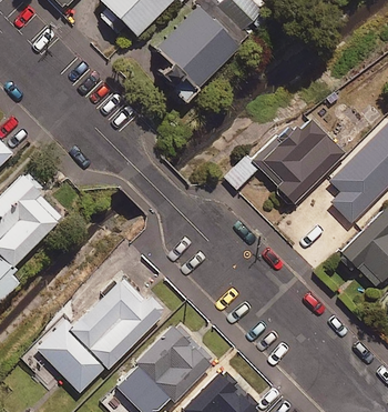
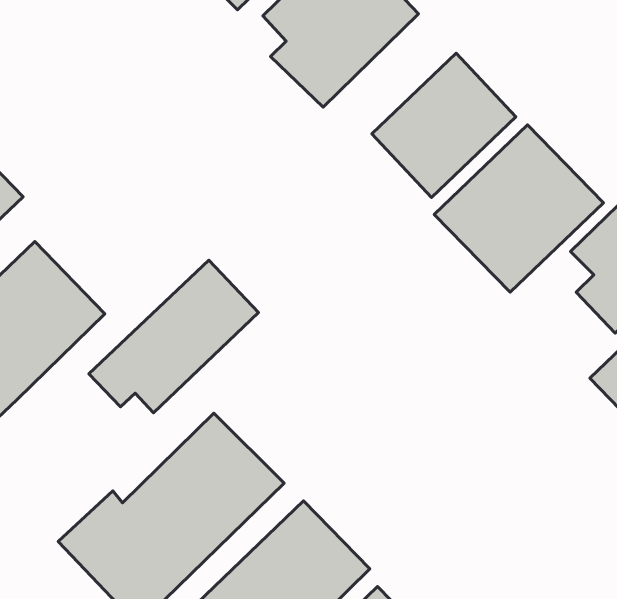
building: none -> [372,53,516,197]
building: none -> [89,260,259,413]

